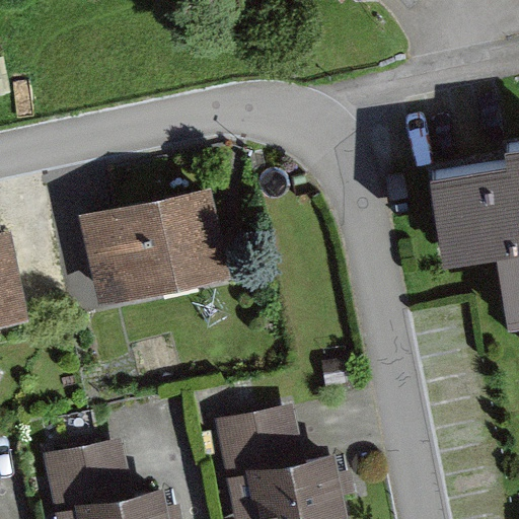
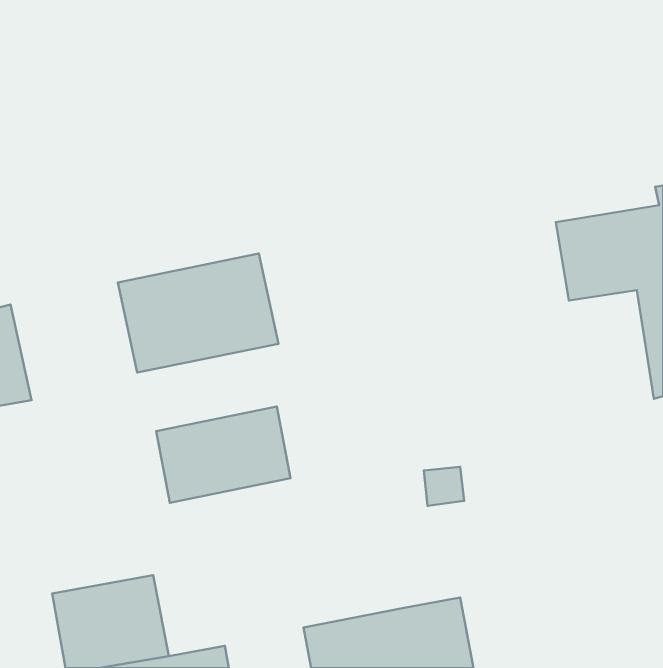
building: none -> [156,407,290,503]
building: [223,409,313,487] -> none

